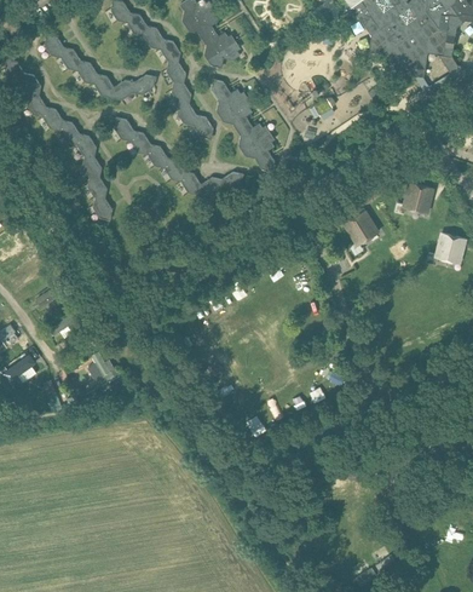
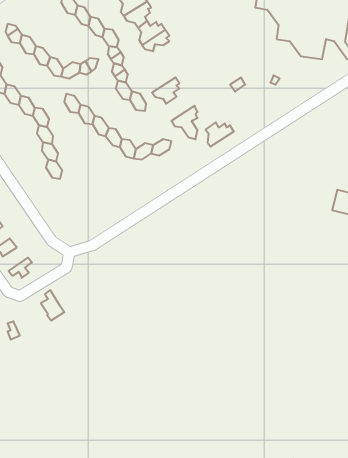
building: [212,80,248,116] -> none
building: [237,121,271,150] -> [206,122,234,147]
building: [403,182,433,213] -> none
building: [344,211,379,245] -> none

